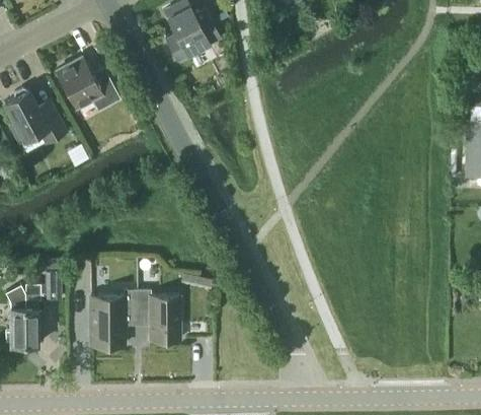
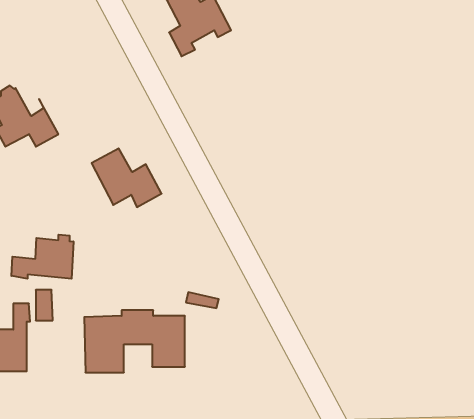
building: [57,58,119,111] -> [92,148,162,207]
building: none -> [11,235,73,279]

